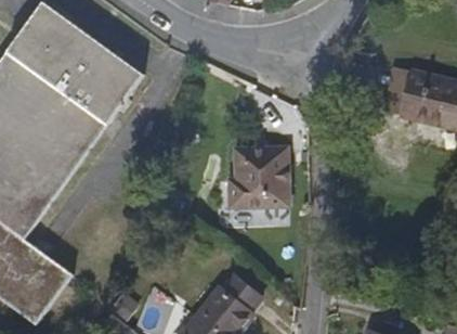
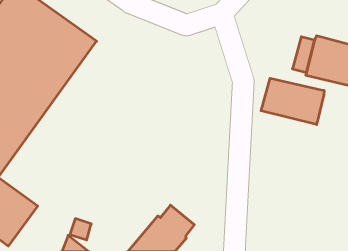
building: none -> [261,78,324,125]
building: [227,146,288,206] -> none

